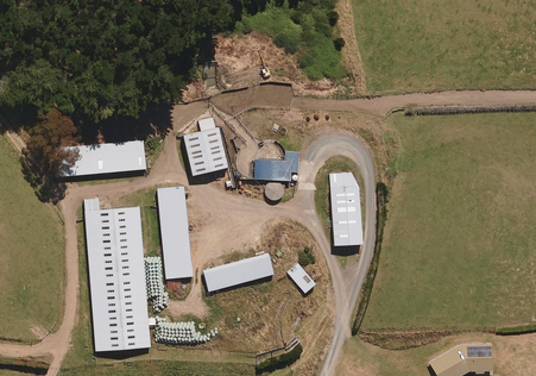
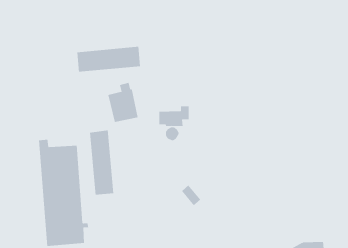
building: [55,140,146,177] -> [77,46,141,72]
building: [329,173,361,245] -> none
building: [202,253,273,292] -> none

